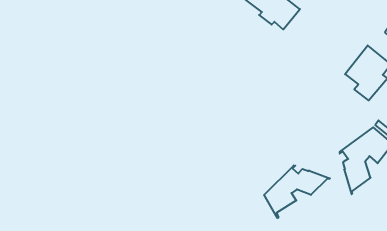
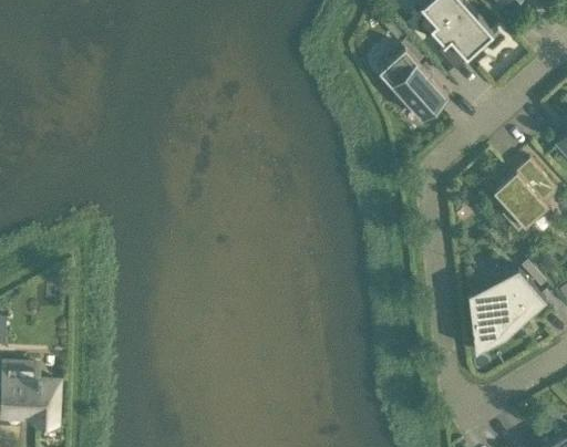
building: [264,165,330,218] -> none

